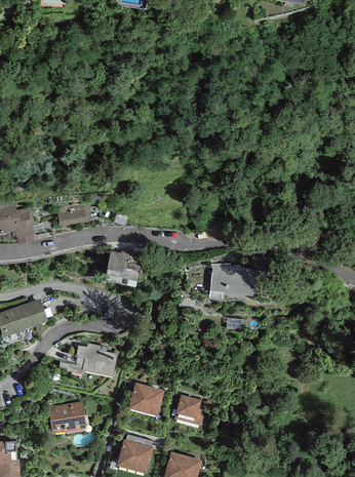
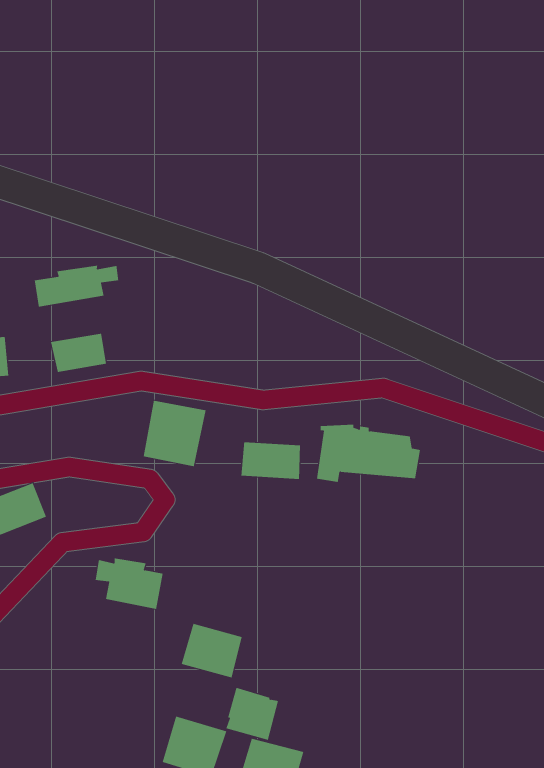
building: none -> [34,265,119,307]
building: none -> [241,441,301,480]
building: [174,394,206,426] -> [226,687,279,740]
building: [48,402,87,431] -> none

